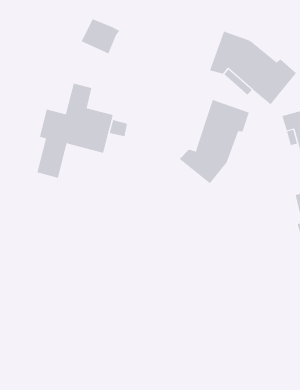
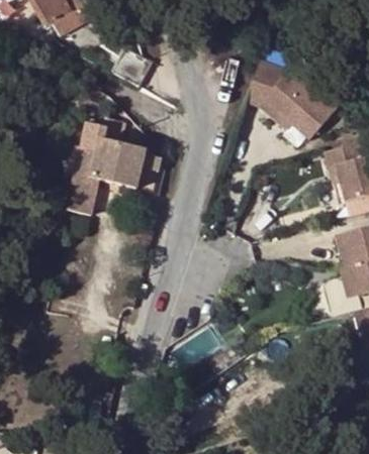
building: [179,99,249,184] -> none

